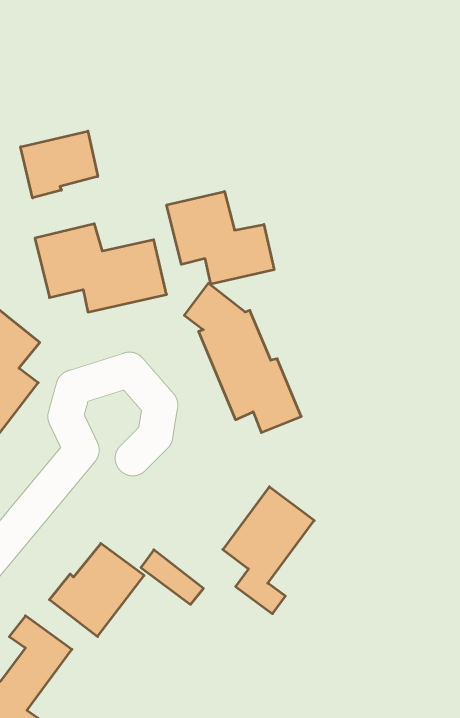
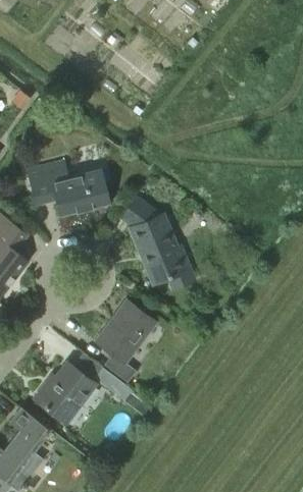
building: [21,131,98,198] -> none
building: [167,191,274,284] -> none
building: [223,487,314,614] -> [96,302,154,382]

